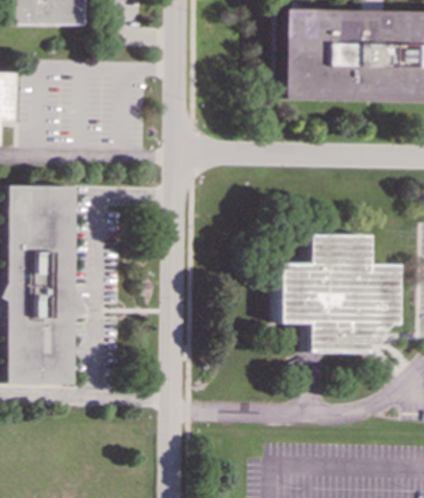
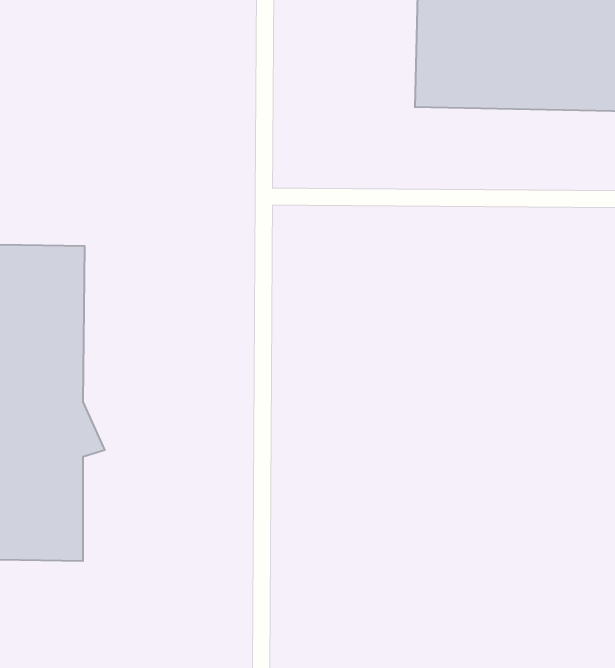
building: [281,234,400,352] -> none

